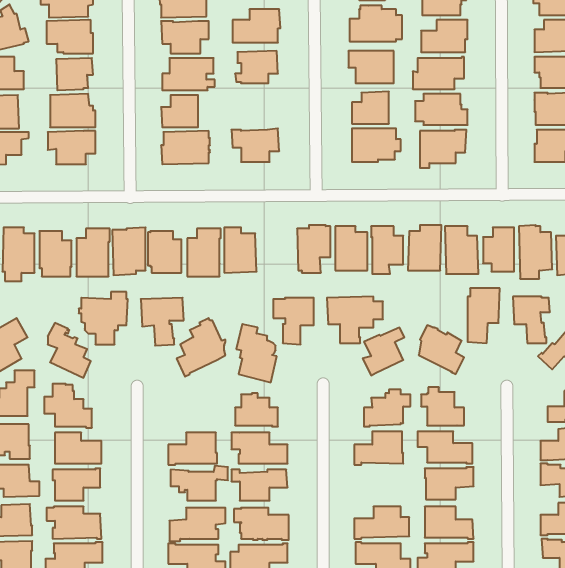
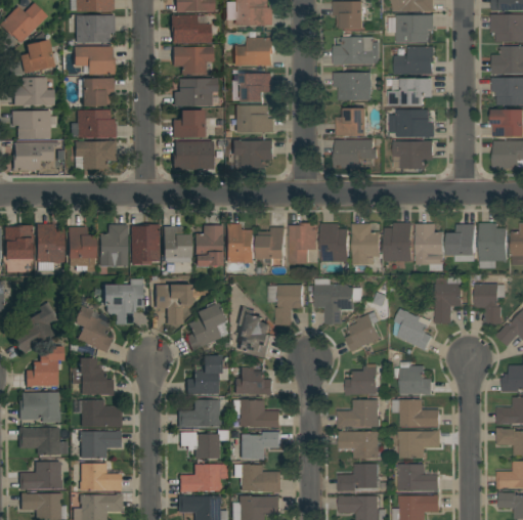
building: none -> [235,104,273,132]
building: none -> [258,227,286,266]
building: none -> [186,356,221,395]
building: none -> [339,431,380,458]

